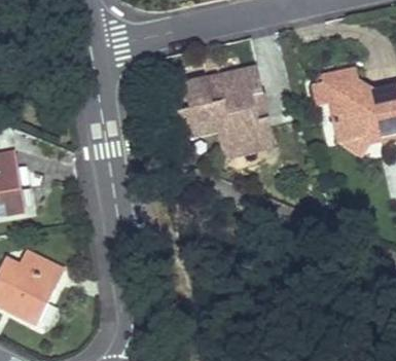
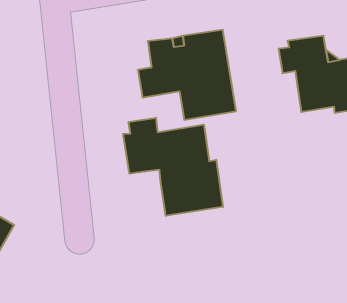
building: none -> [123,118,223,216]

